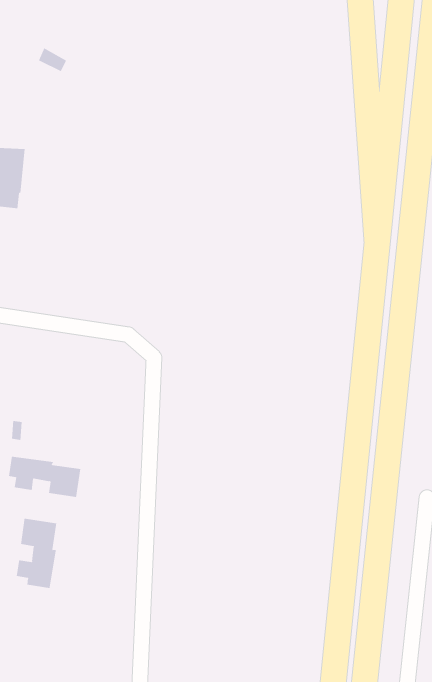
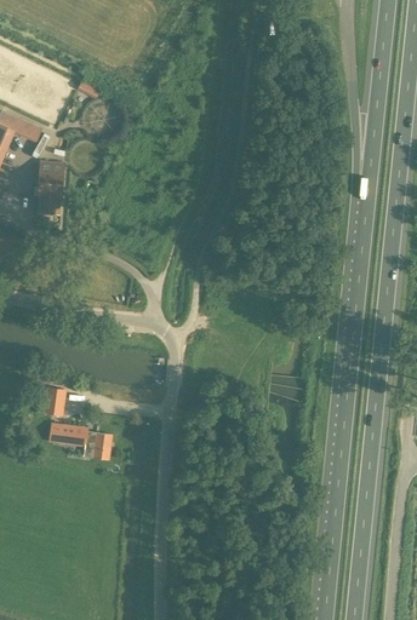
building: [16,518,57,589] -> none

